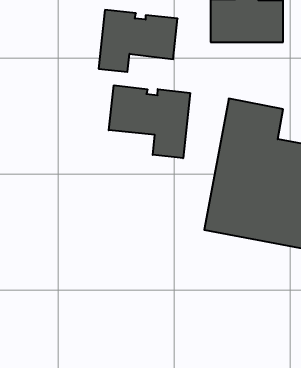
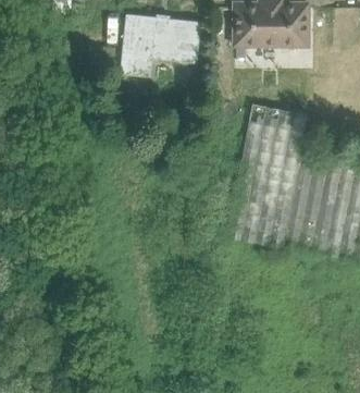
building: [109,85,190,158] -> none

